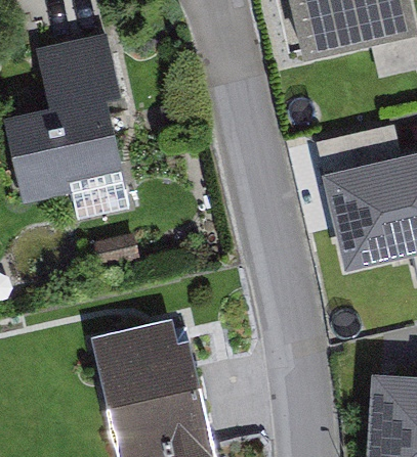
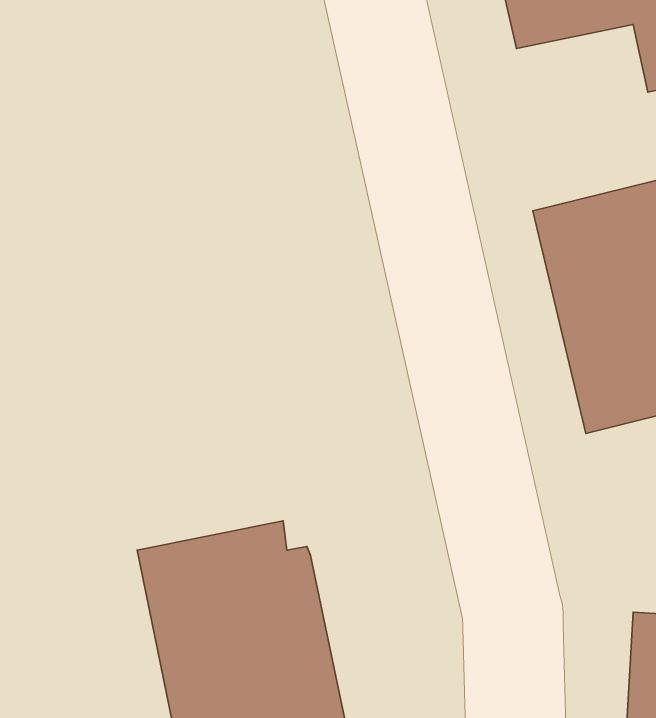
building: [20,39,131,195] -> none

